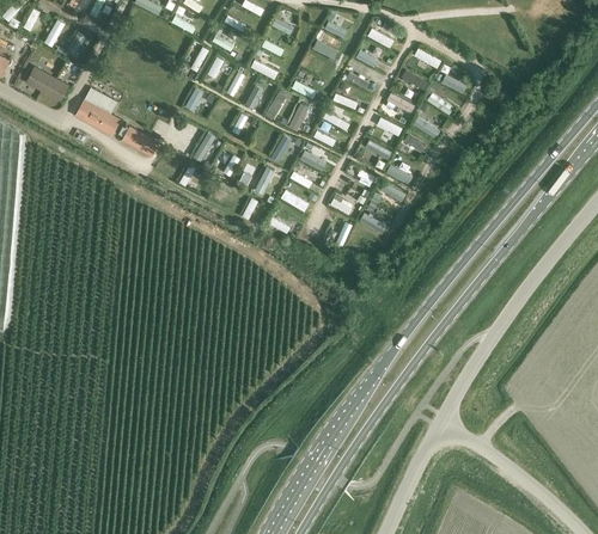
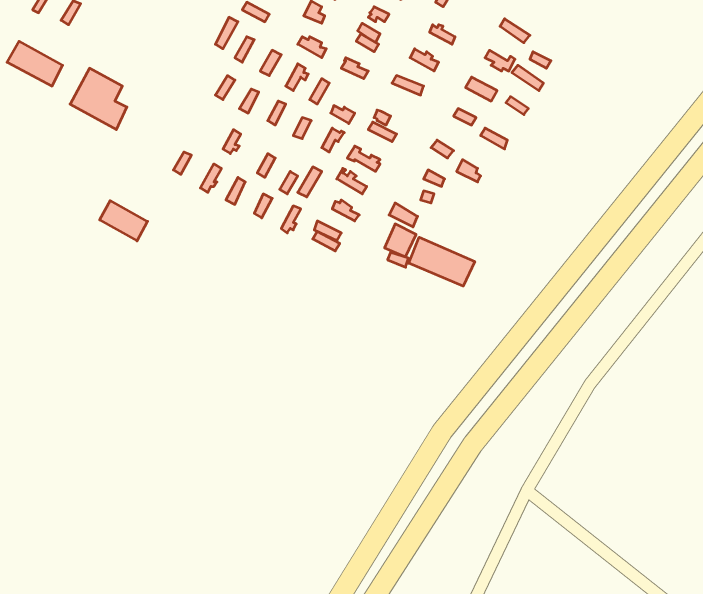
building: [121,125,159,158] -> [100,201,148,241]
building: none -> [409,237,475,286]

